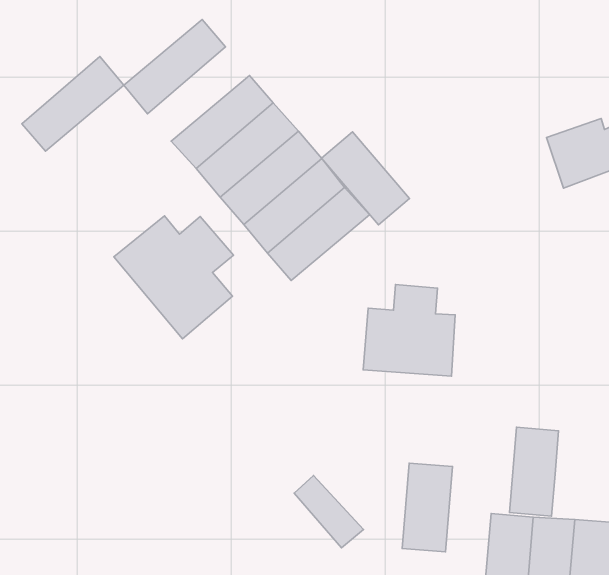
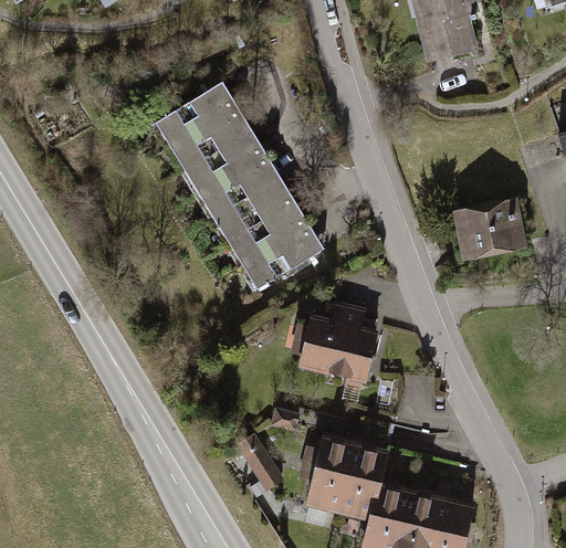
building: [22,56,124,151] -> [169,106,250,170]
building: [322,132,409,225] -> none
building: [114,216,233,339] -> none
building: [510,427,559,516] -> [339,446,386,517]

